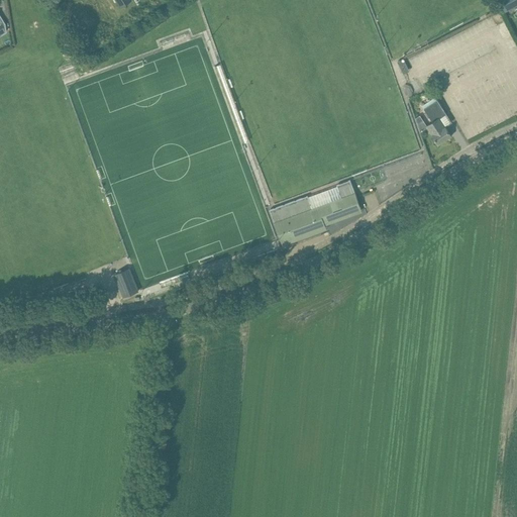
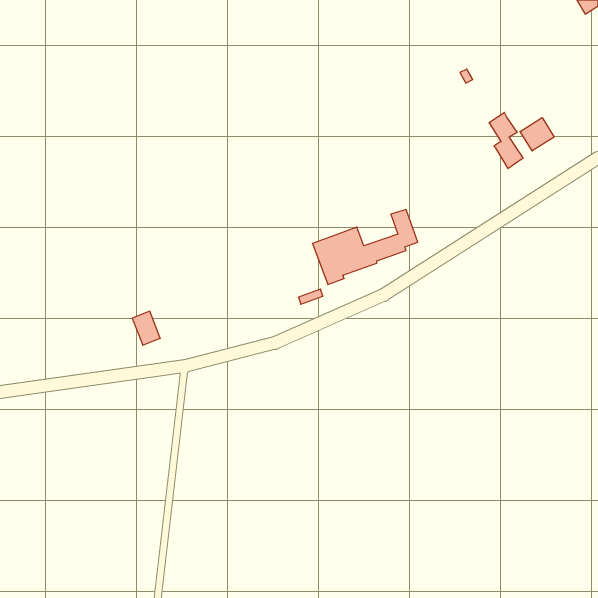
building: none -> [520,118,554,151]

